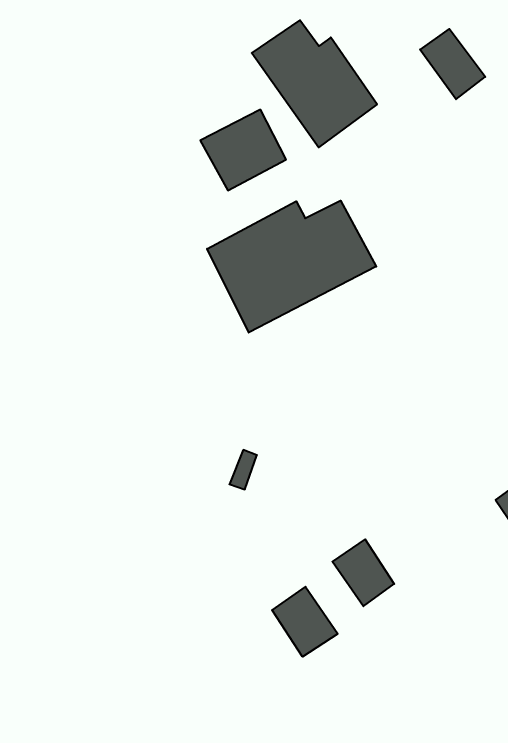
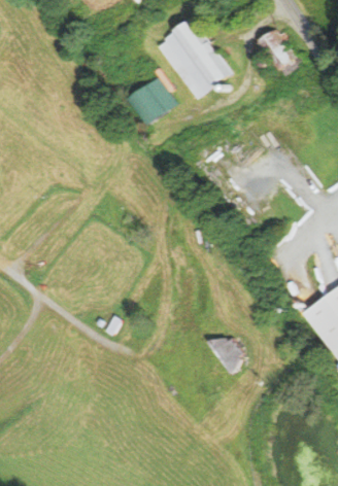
building: [207,201,376,333] -> none
building: [272,587,338,657] -> none

